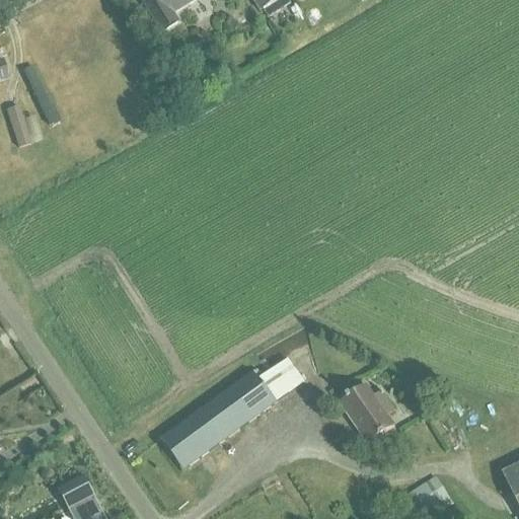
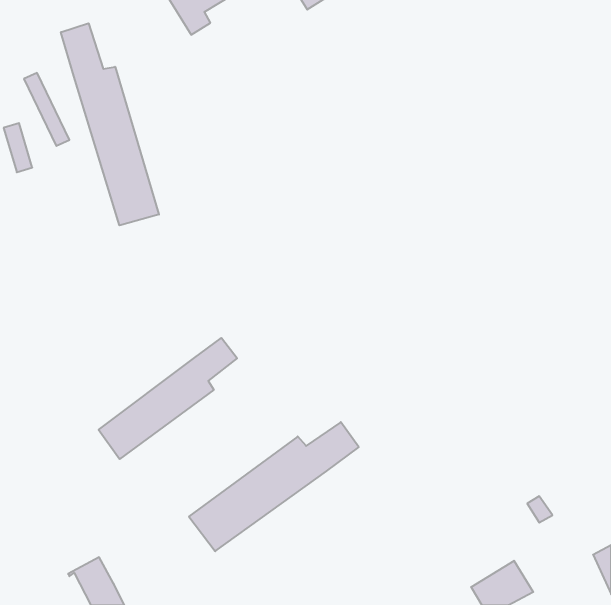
building: none -> [61,23,159,225]
building: none -> [99,338,237,459]
building: [340,382,396,442] -> none

